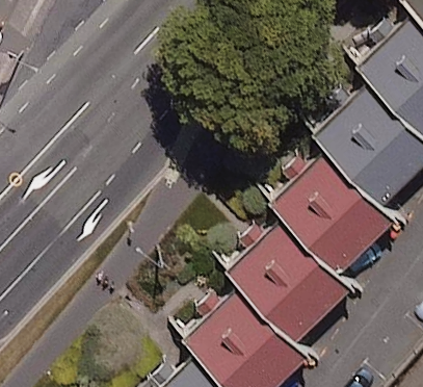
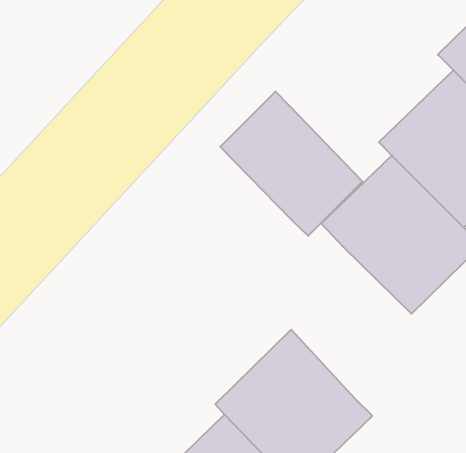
building: none -> [220,91,362,236]
building: [230,222,350,342] -> none

